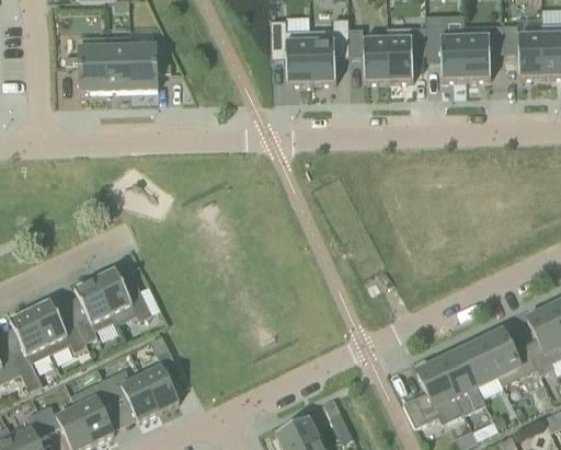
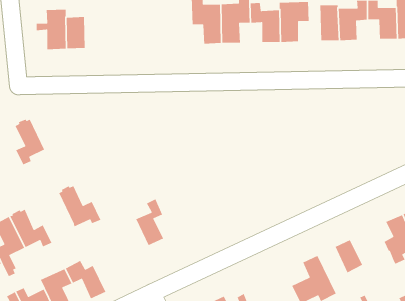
building: [130,45,171,89] -> none
building: [75,279,115,342] -> [14,118,45,166]
building: [481,330,537,385] -> none
building: [141,347,180,411] -> [135,198,164,246]
building: [438,350,485,413] -> none

